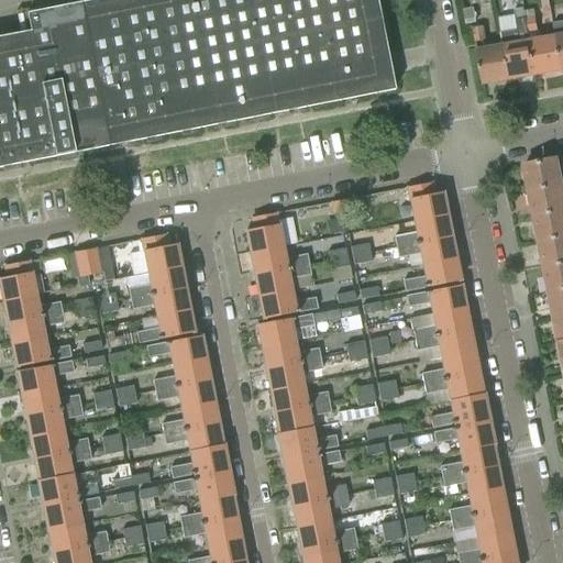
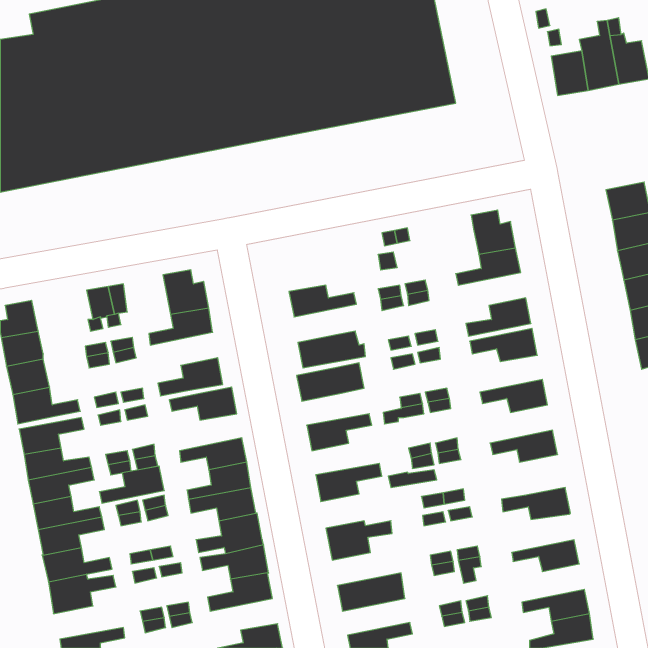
building: [247,212,284,252] -> none
building: [398,235,456,264] -> none
building: [256,263,311,296] -> none
building: [132,287,190,316] -> none
building: [415,307,471,339] -> none
building: [263,340,321,367] -> none
building: [423,350,479,383] -> none
building: [155,357,211,389] -> [99,466,164,503]
building: [272,383,330,410] -> none
building: [432,393,490,428] -> none
building: [279,427,339,456] -> none
building: [442,444,498,477] -> none
building: [289,477,349,506] -> none
building: [451,487,507,520] -> none
building: [184,517,242,544] -> none
building: [298,521,356,549] -> none
building: [49,523,109,552] -> none

